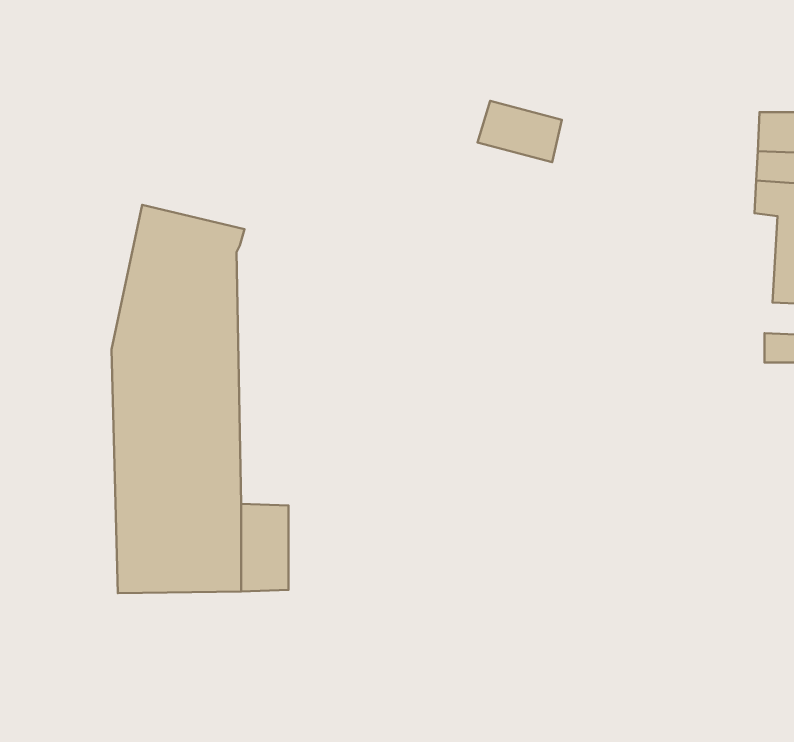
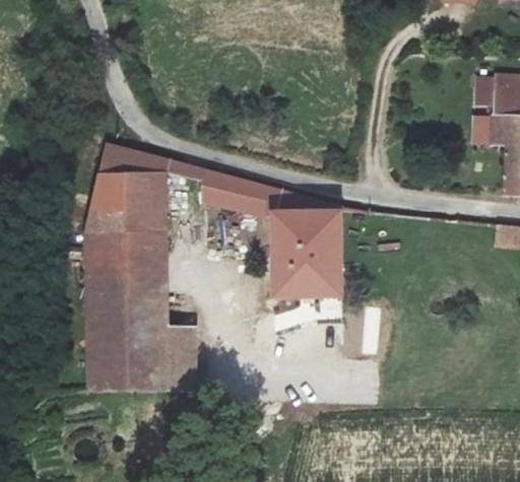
building: [478,101,562,162] -> none
building: none -> [165,158,342,296]

